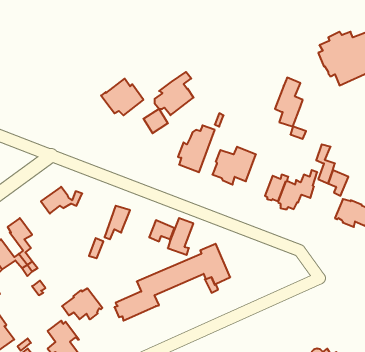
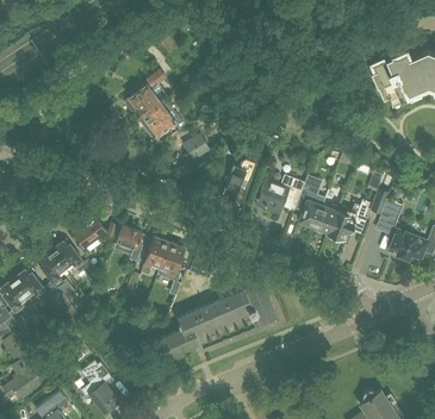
building: [155,72,194,115] -> [126,71,168,118]
building: [275,78,303,127] -> [294,175,324,227]
building: none -> [117,226,145,262]
building: none -> [51,240,97,275]
building: [168,218,193,255] -> [157,243,185,282]
building: [62,288,102,319] -> none

